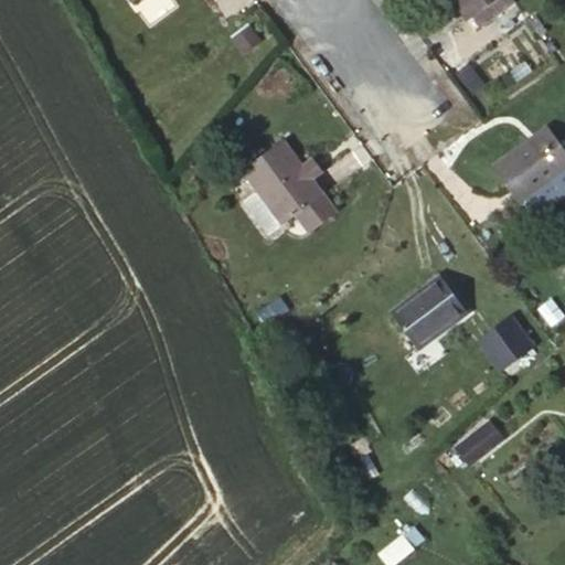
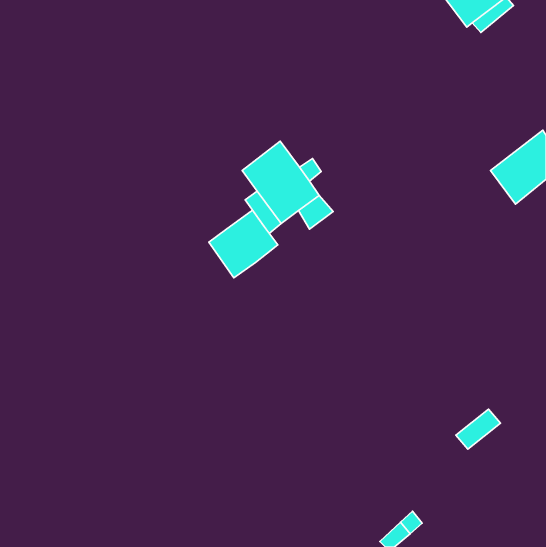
building: none -> [209,210,278,278]
building: [392,275,468,348] -> none
building: [470,309,532,370] -> none

